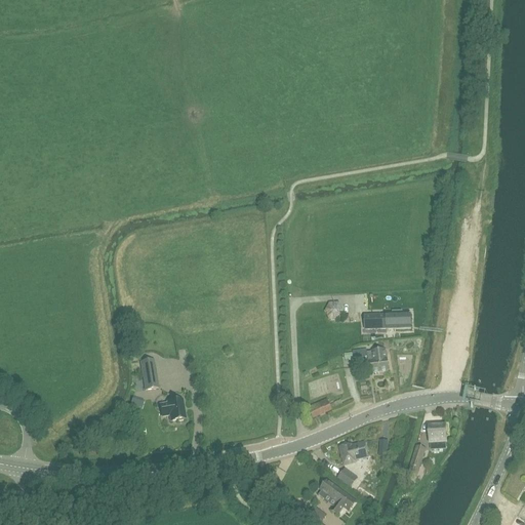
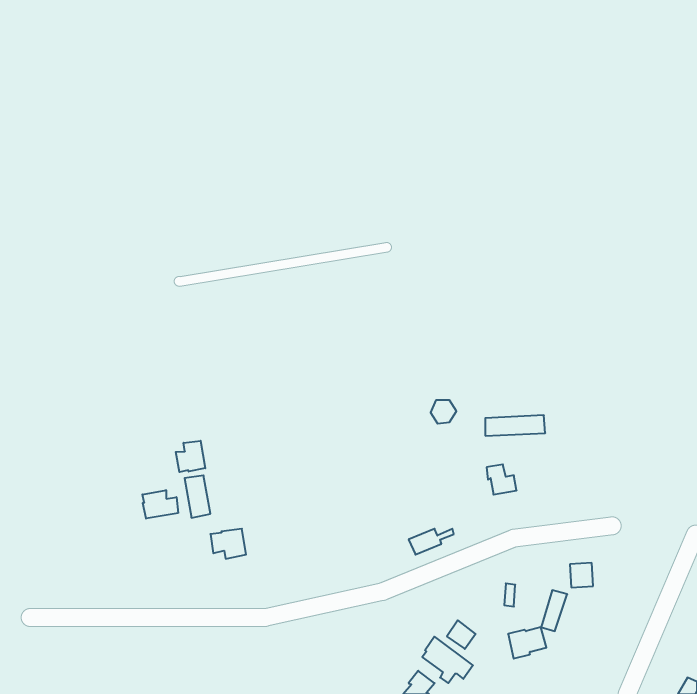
building: none -> [176,441,205,472]
building: none -> [142,490,178,519]
building: [338,440,367,463] -> [508,627,546,659]

